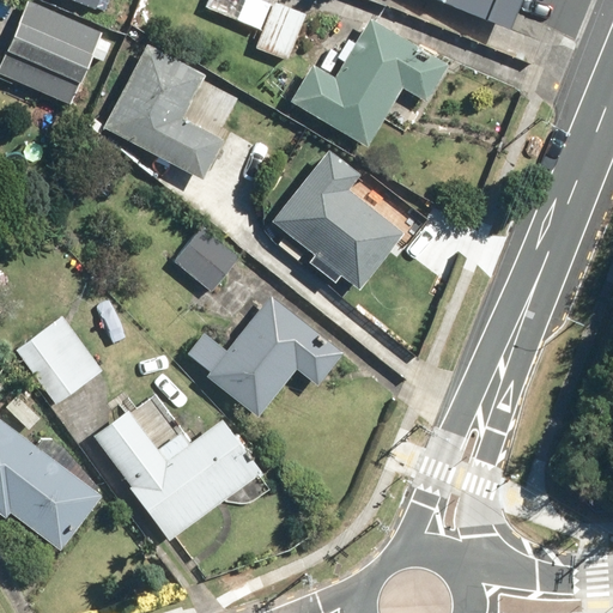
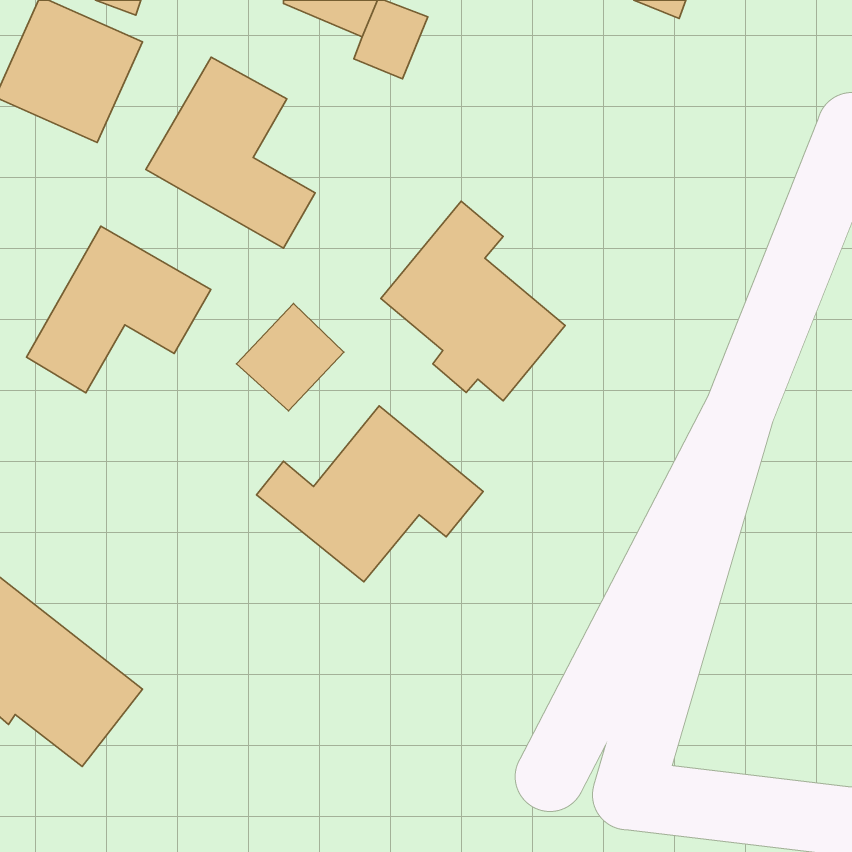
building: [287,17,448,148] -> none
building: none -> [27,226,211,393]
building: [16,316,99,402] -> none
building: [91,405,263,541] -> none

